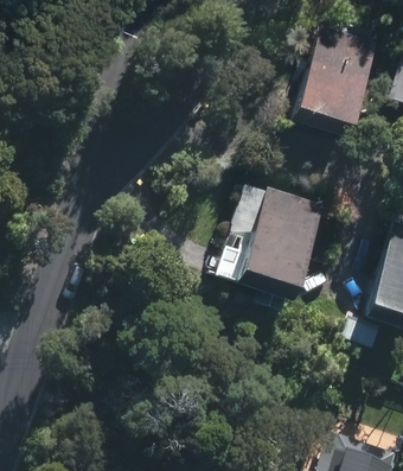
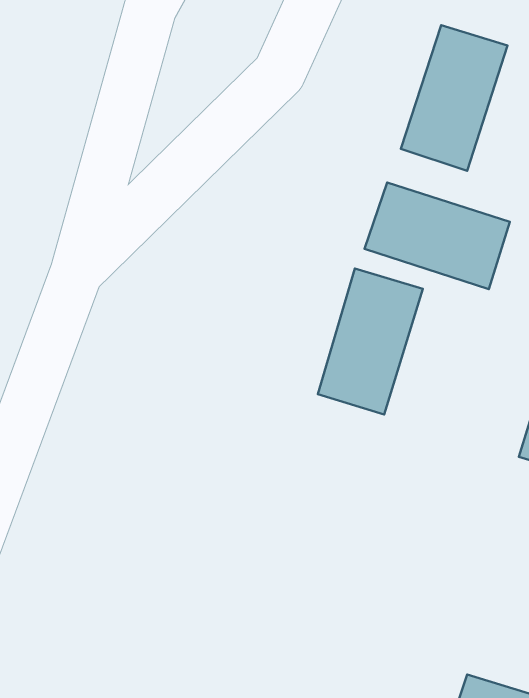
building: none -> [364,183,510,289]

